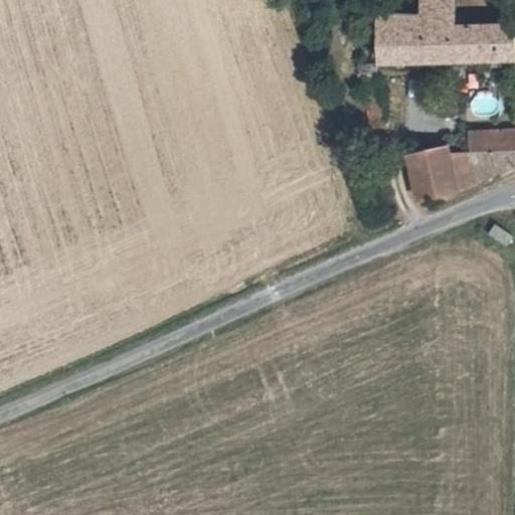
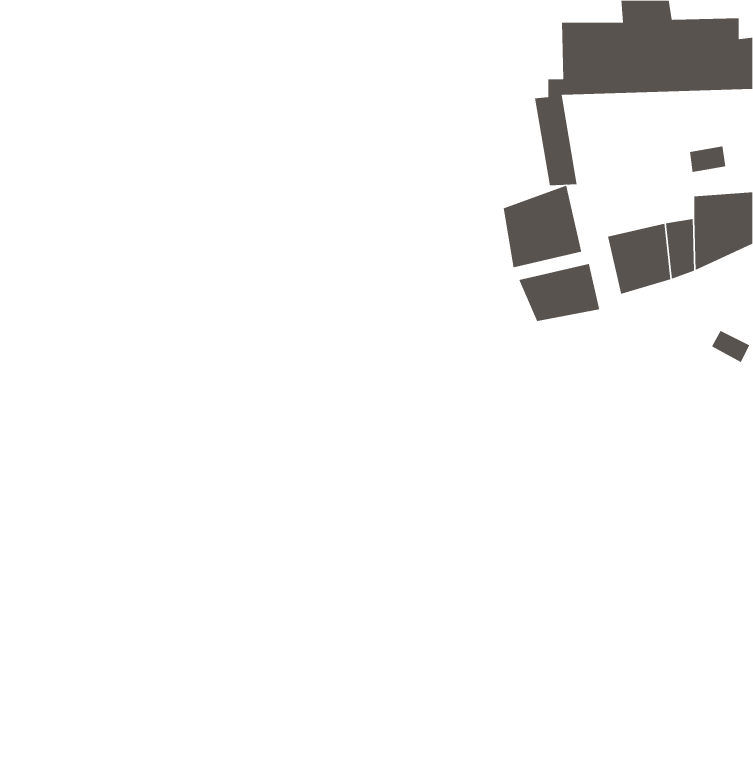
building: none -> [503,185,582,268]
building: none -> [519,263,600,322]

